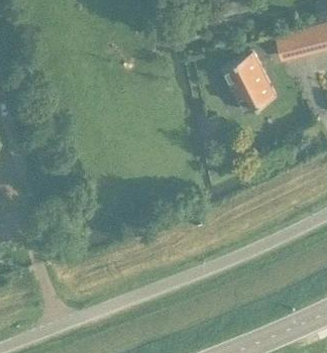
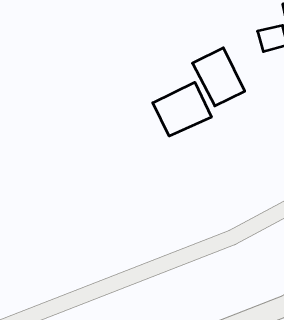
building: none -> [153,82,211,136]

